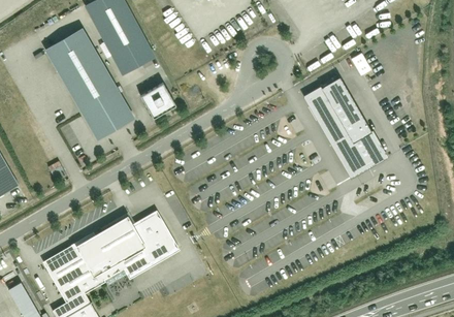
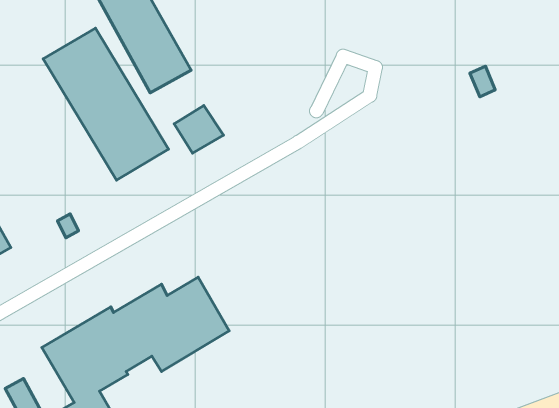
building: [301,73,385,176] -> none

